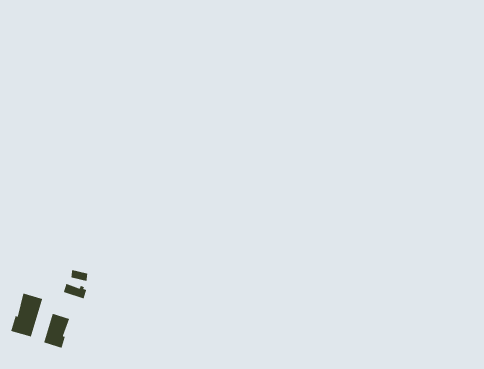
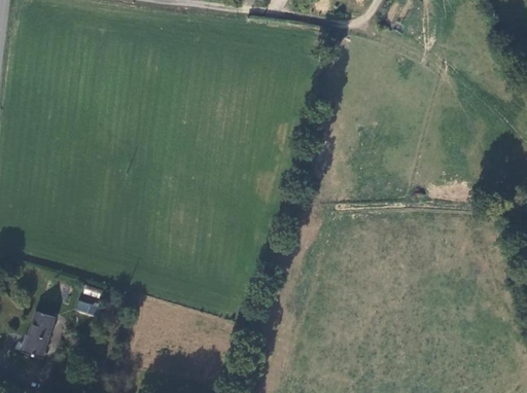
building: [43,313,70,349] -> none

